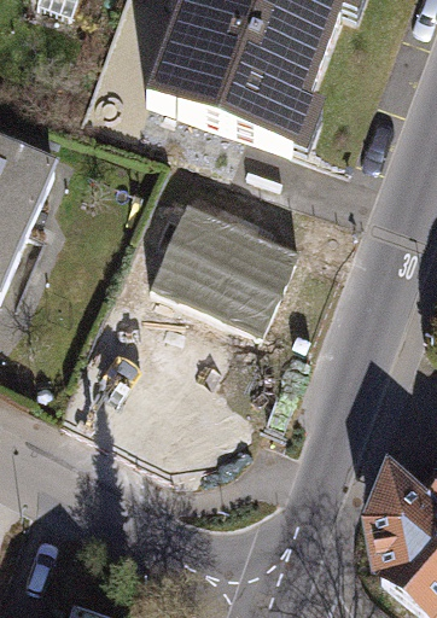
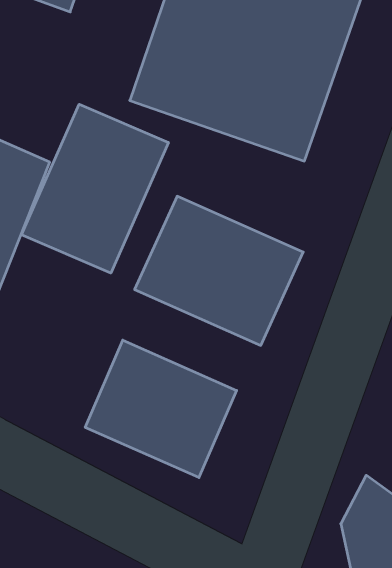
building: none -> [22,104,168,273]
building: none -> [85,340,237,478]

